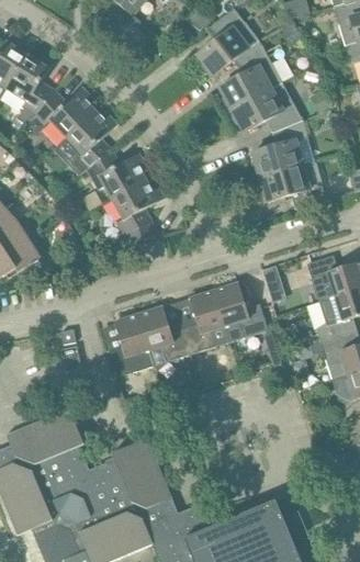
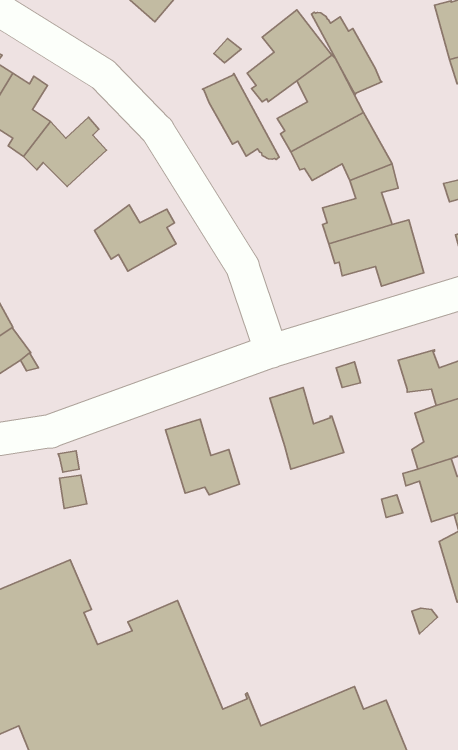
building: none -> [312,12,382,95]
building: none -> [202,73,279,159]
building: [67,110,117,168] -> none
building: [111,178,165,243] -> none
building: [184,290,225,352] -> none
building: [109,313,155,376] -> none

